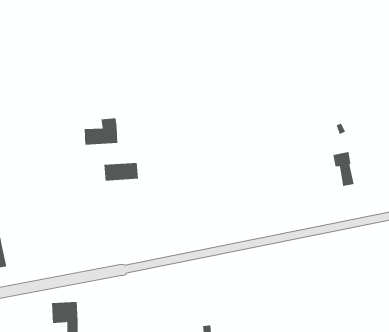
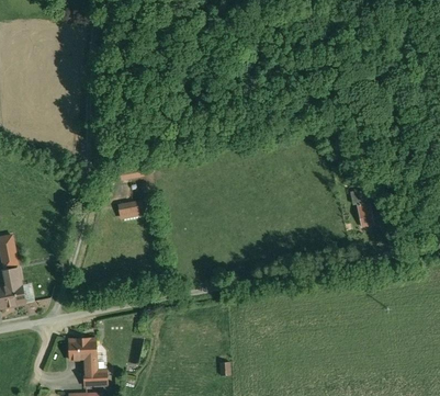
building: [84,118,118,146] -> none

